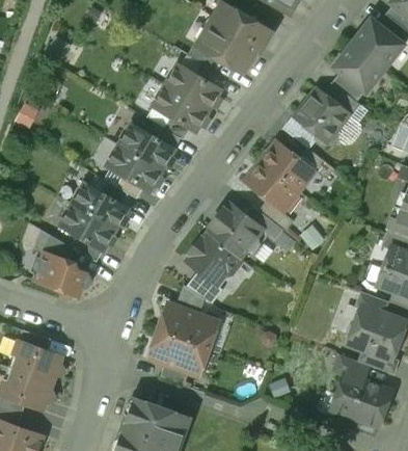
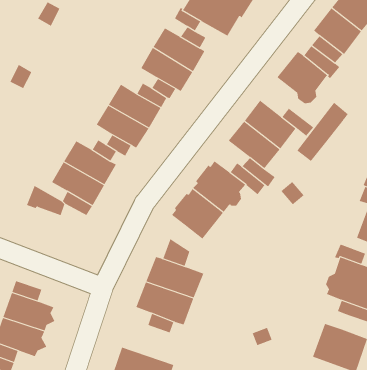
building: none -> [296,102,349,162]
building: [34,253,91,295] -> none
building: [186,271,223,304] -> none
building: [333,354,369,380] -> none

